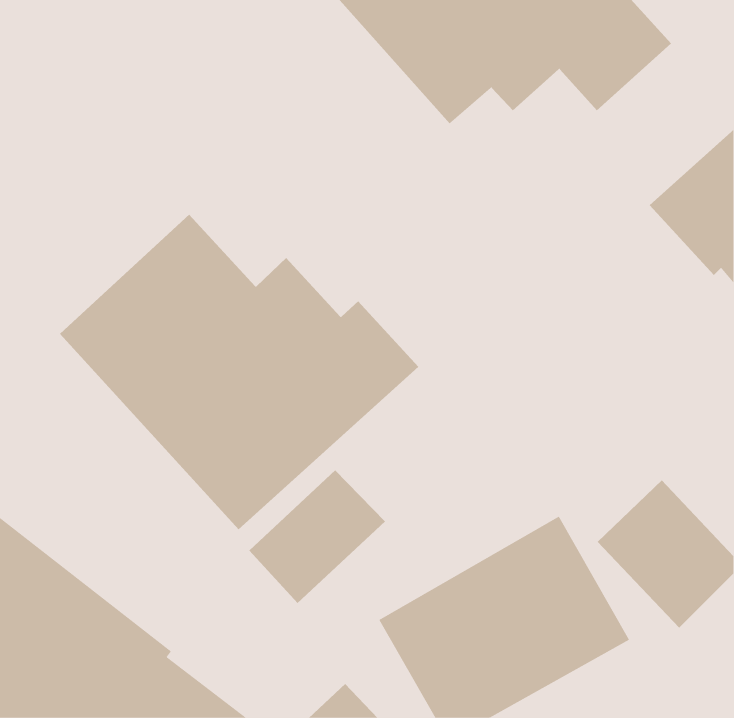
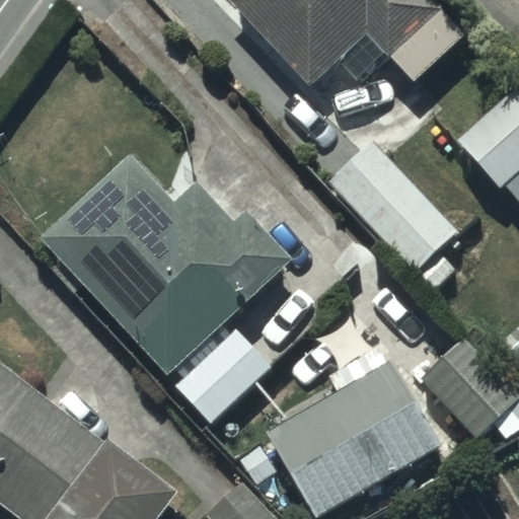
building: none -> [327,141,457,284]

